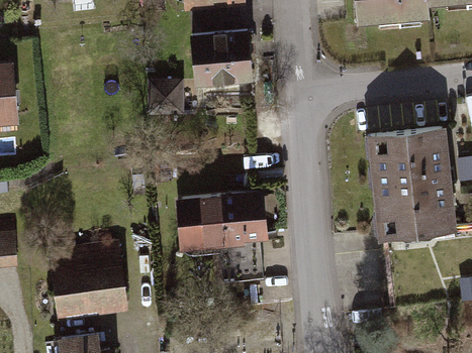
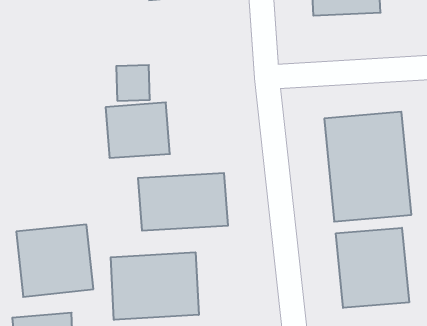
building: [185,29,251,86] -> [106,102,170,158]
building: none -> [336,228,409,308]
building: none -> [111,252,199,320]

